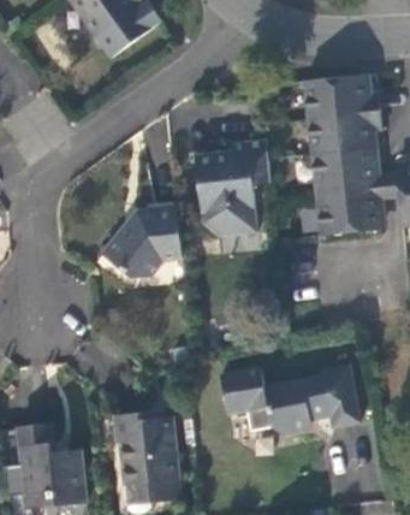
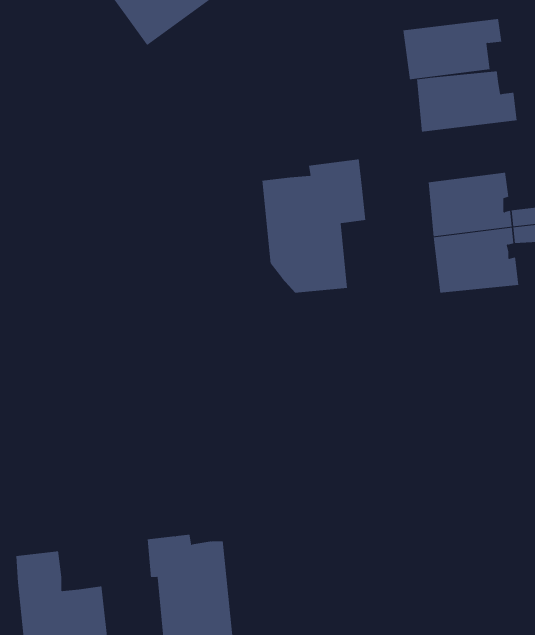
building: [310,111,382,155] -> [402,18,502,80]
building: [102,205,182,278] -> none
building: [216,365,356,433] -> none

